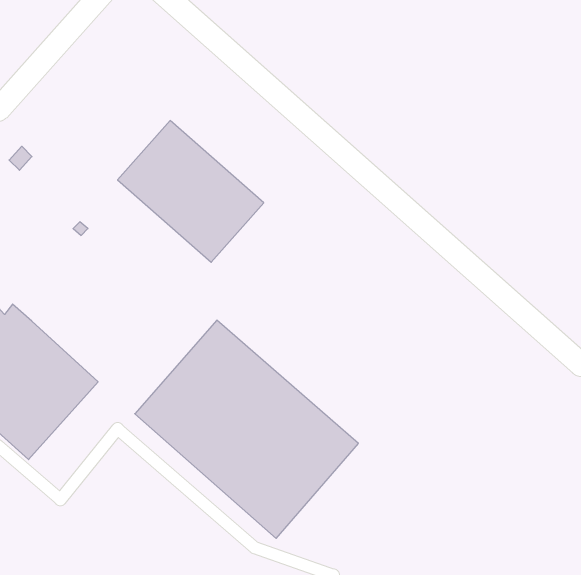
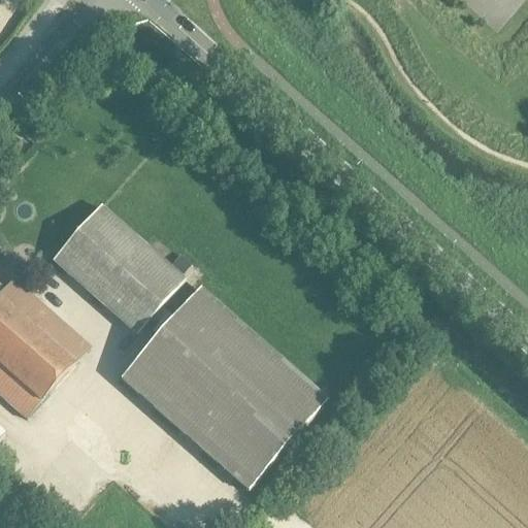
building: [118,121,264,262] -> [52,203,184,331]

